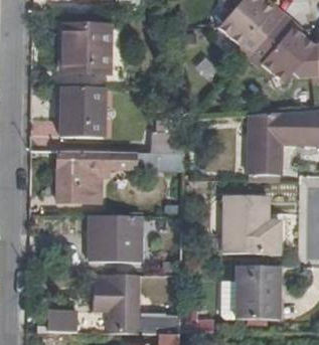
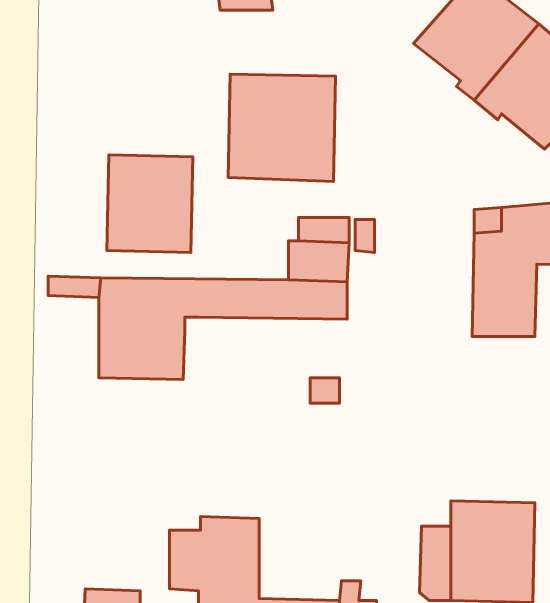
building: [56,22,112,77] -> [228,74,336,182]
building: [222,196,281,253] -> none
building: [92,215,144,263] -> none

